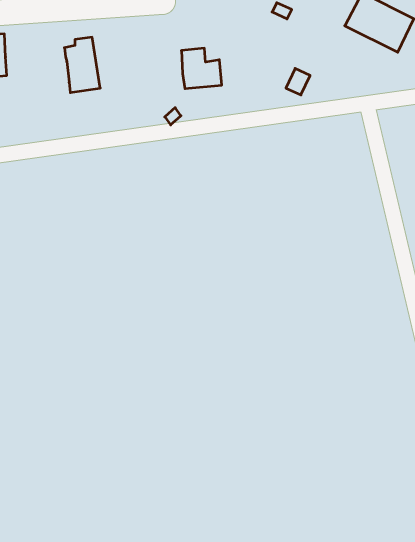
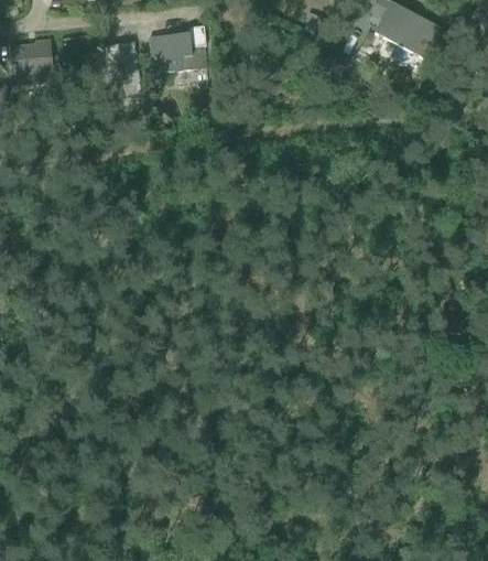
building: [181,48,222,89] -> [167,31,206,69]

